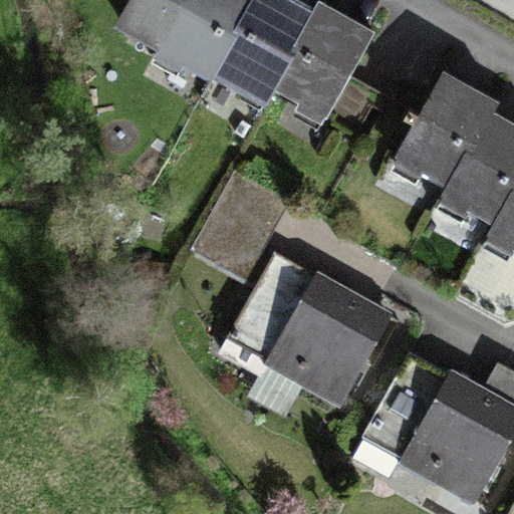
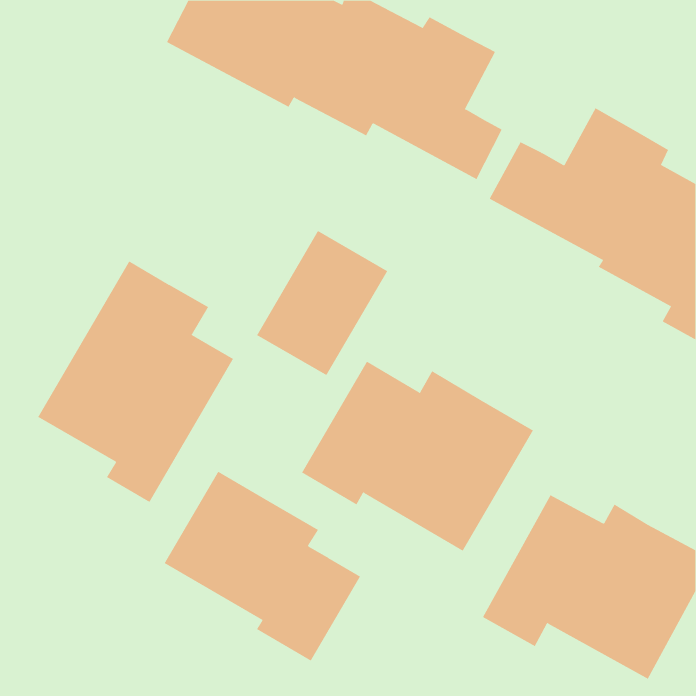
building: none -> [38,260,234,503]
building: none -> [164,471,361,662]

